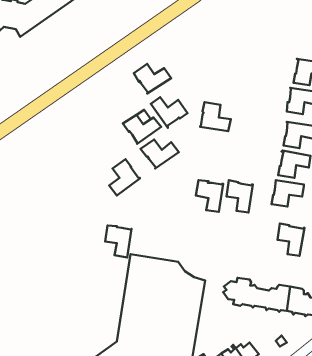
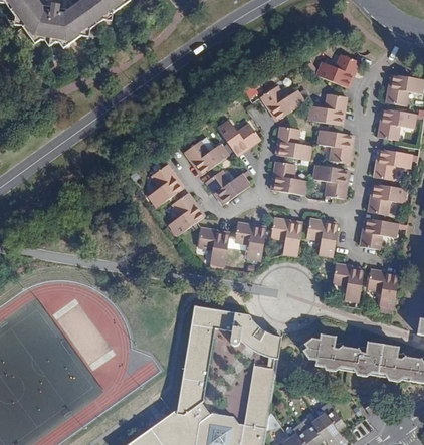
building: none -> [316,54,359,88]
building: [134,64,171,94] -> [260,85,304,121]
building: none -> [307,93,346,126]
building: none -> [317,130,353,164]
building: none -> [271,161,306,195]
building: none -> [148,164,184,207]
building: none -> [312,164,349,198]
building: none -> [234,222,266,260]
building: none -> [333,263,364,301]
building: [105,225,131,258] -> [198,228,229,266]

